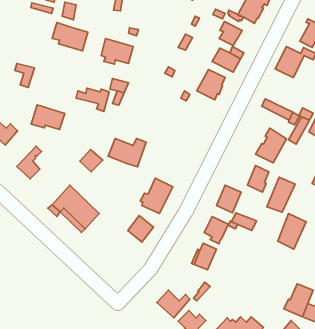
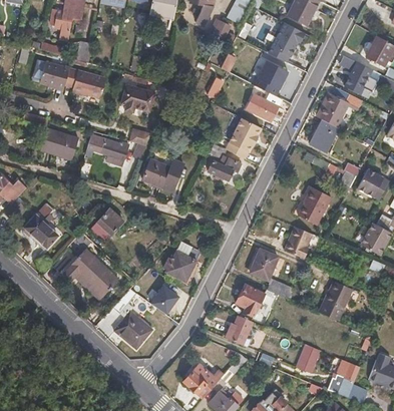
building: none -> [39,57,70,86]
building: none -> [311,119,339,151]
building: none -> [209,155,241,178]
building: [31,105,65,130] -> [41,126,79,154]
building: [108,138,146,167] -> [142,158,185,190]
building: [267,177,295,212] -> none
building: none -> [115,302,153,348]
building: none -> [295,343,320,372]

